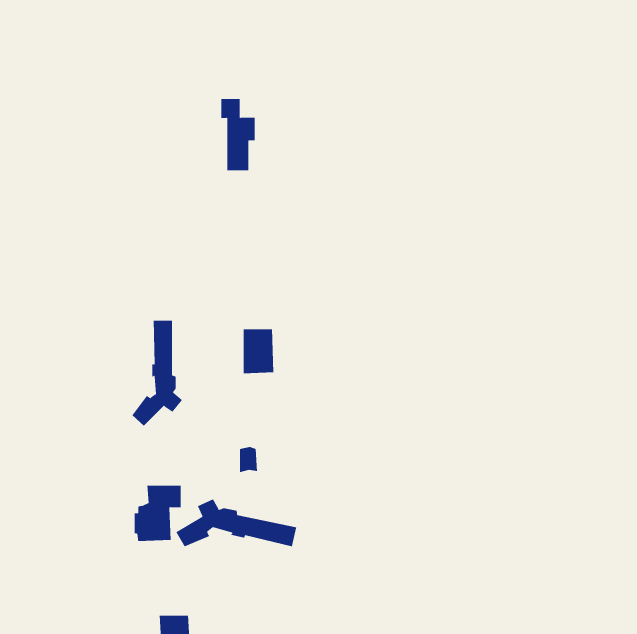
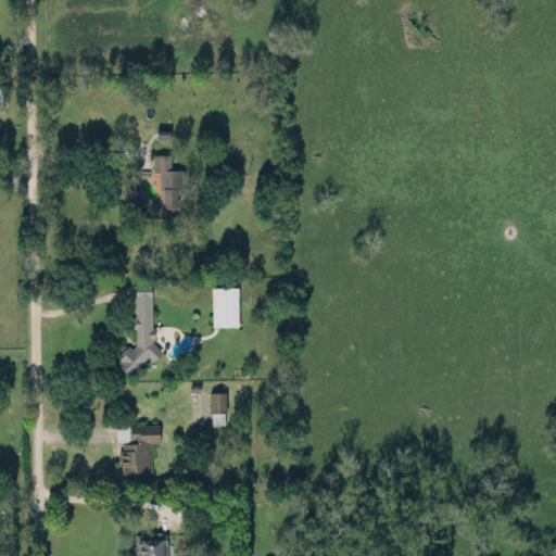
building: [220,98,255,171] -> [154,156,185,219]
building: [175,499,297,547] -> none

